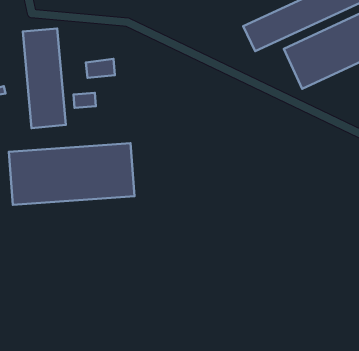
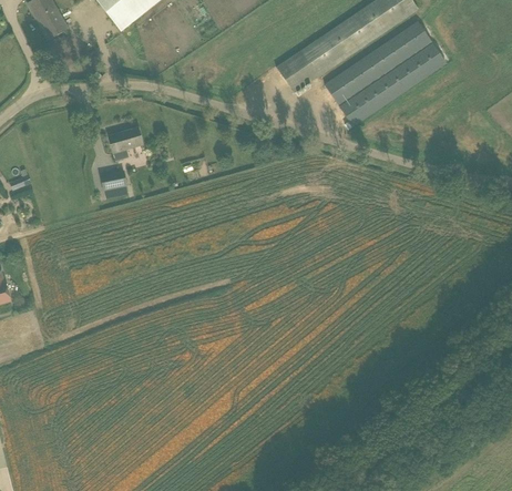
building: [23,28,66,128] -> none
building: [9,143,134,205] -> none

